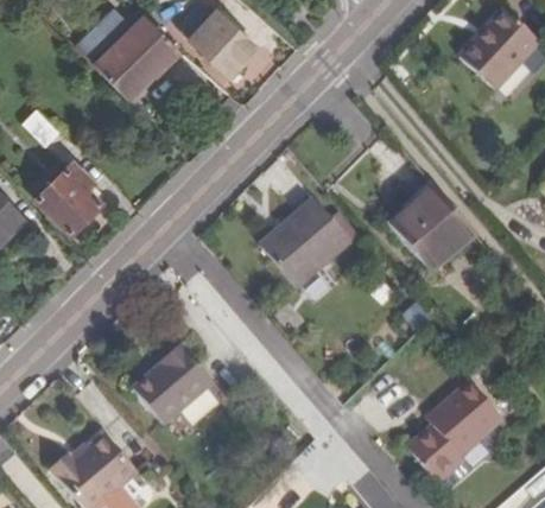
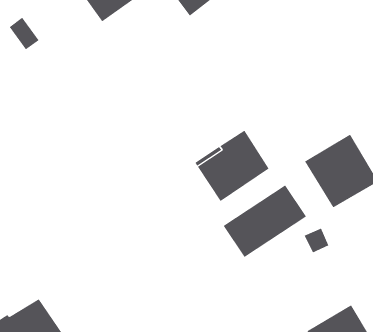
building: [33,160,101,234] -> none
building: none -> [223,184,307,258]
building: [134,341,214,421] -> none

